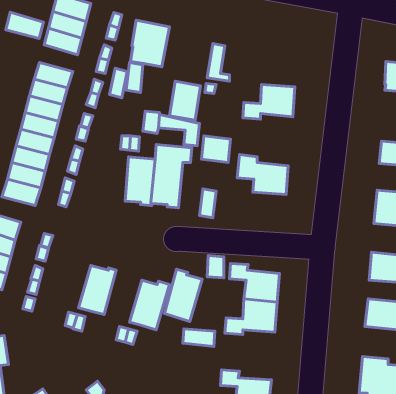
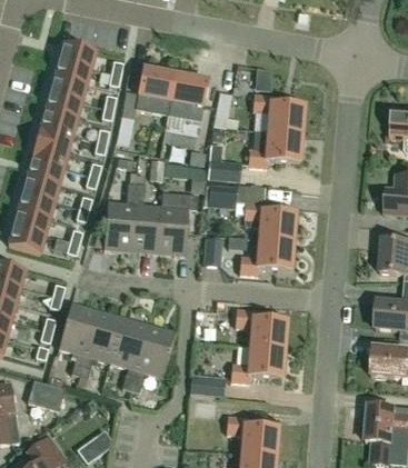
building: [6,12,44,39] -> [44,91,82,118]
building: none -> [167,73,207,120]
building: none -> [252,93,303,133]
building: none -> [206,143,241,181]
building: none -> [102,201,133,249]
building: none -> [239,239,291,275]
building: none -> [58,302,96,355]
building: [164,269,202,321] -> [109,317,147,369]
building: none -> [30,379,63,410]

